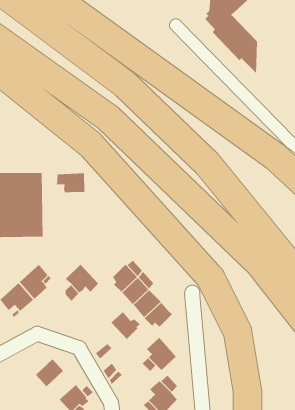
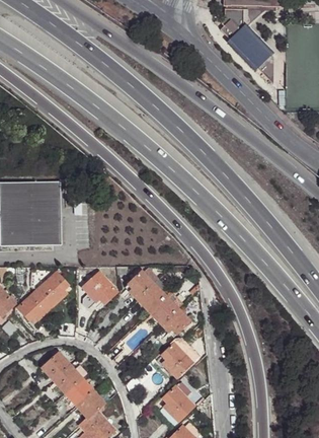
building: [56,173,85,193] -> none
building: [111,311,141,340] -> none
building: none -> [42,352,70,380]
building: none -> [64,376,93,405]

